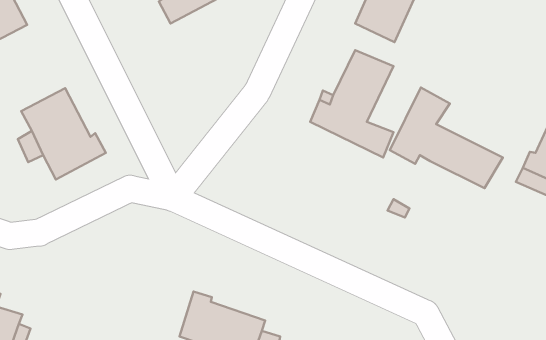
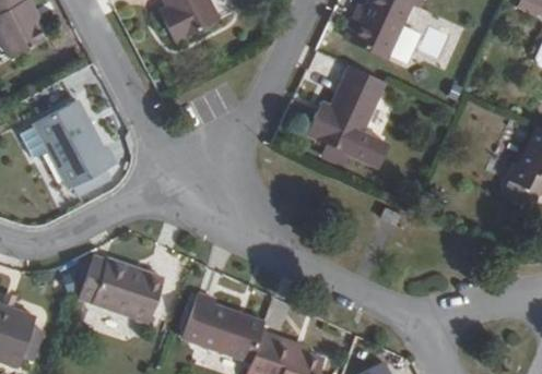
building: [390,88,503,188] -> none
building: none -> [79,256,163,321]

